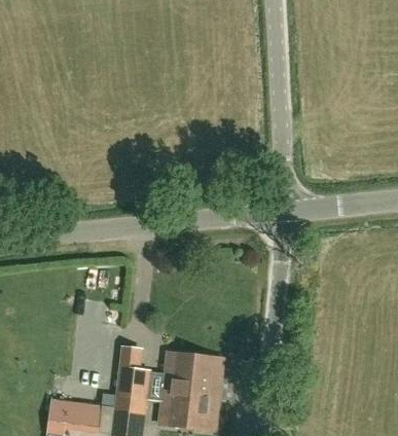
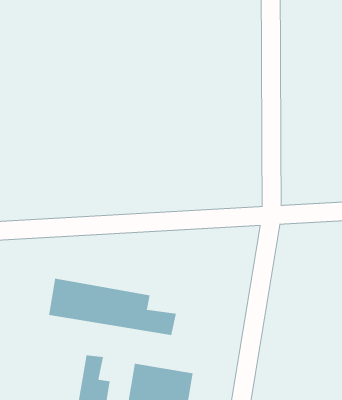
building: none -> [49,278,177,336]

